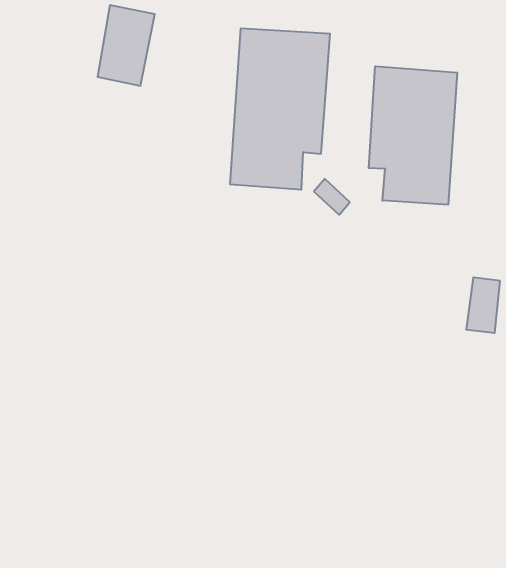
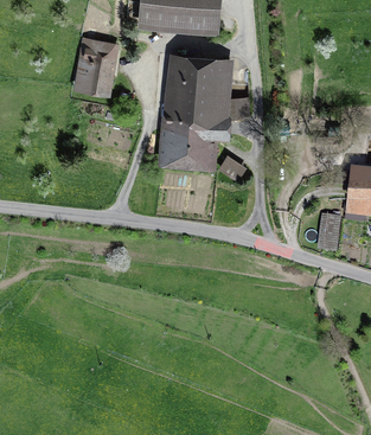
building: [369,66,457,205] -> none

